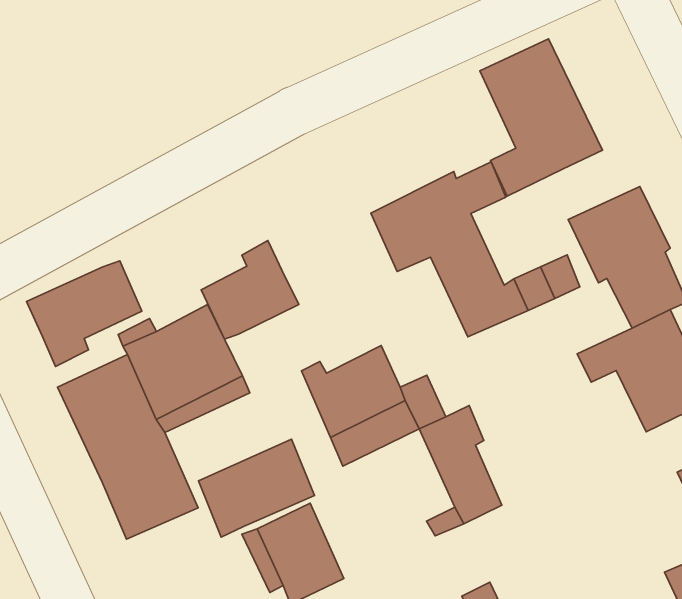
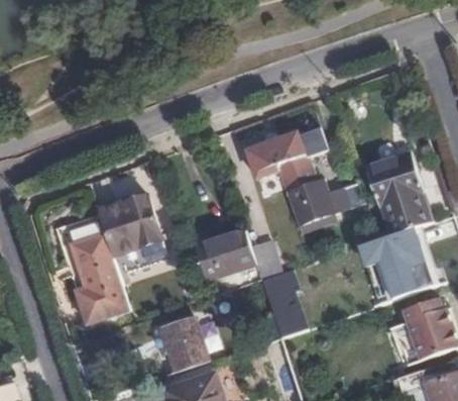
building: [480,39,603,196] -> none
building: [201,241,299,339] -> none
building: [27,261,142,367] -> none
building: [198,439,314,537] -> none

